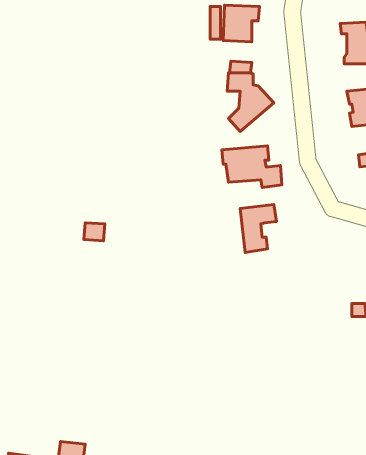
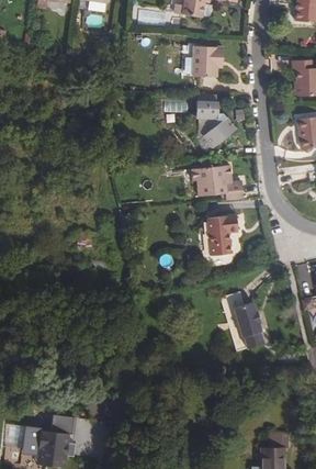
building: none -> [233,302,259,337]

